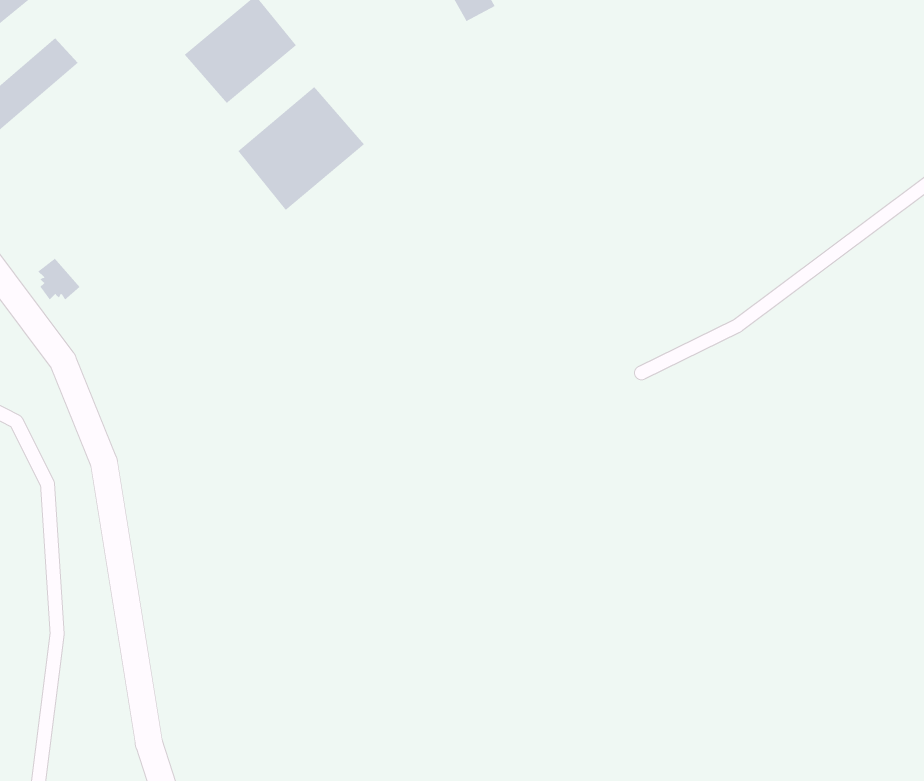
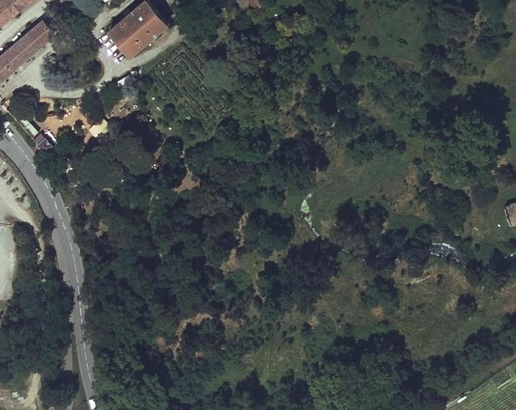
building: [237,86,365,211] -> none

